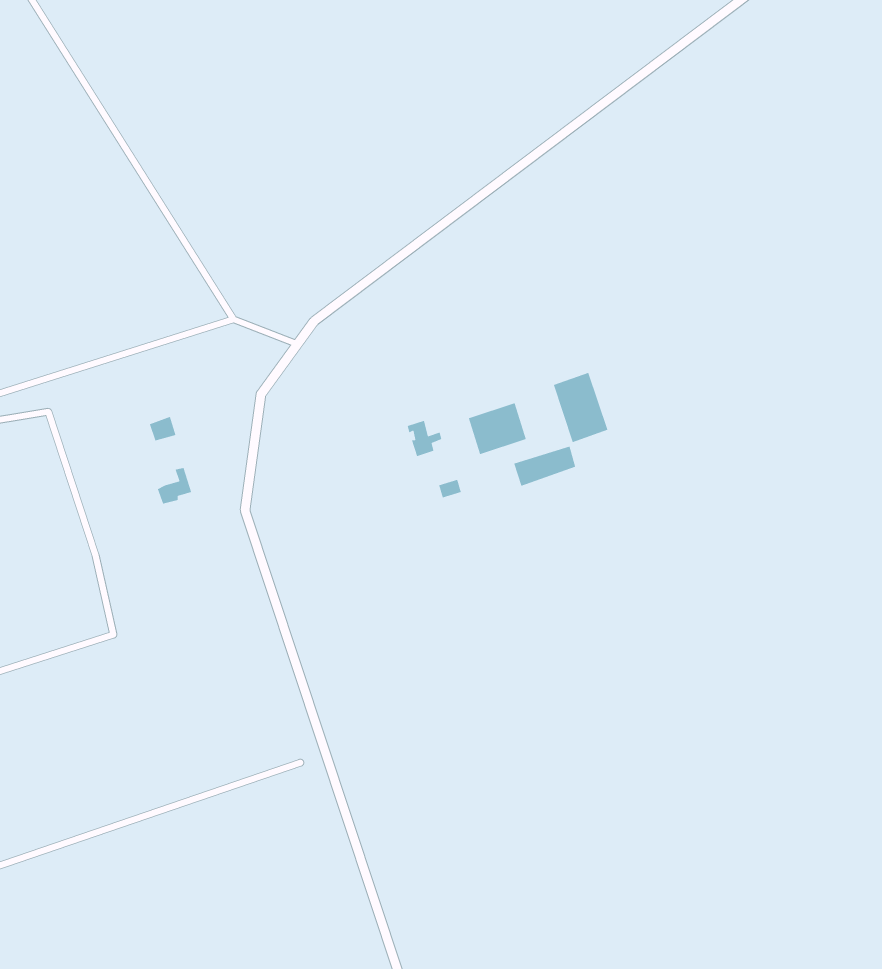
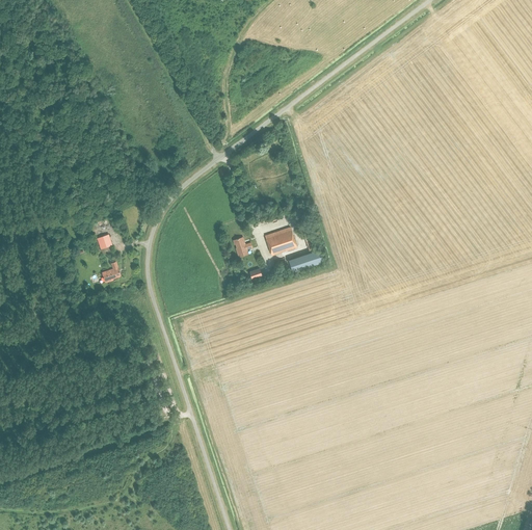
building: [553,372,608,443] -> none

